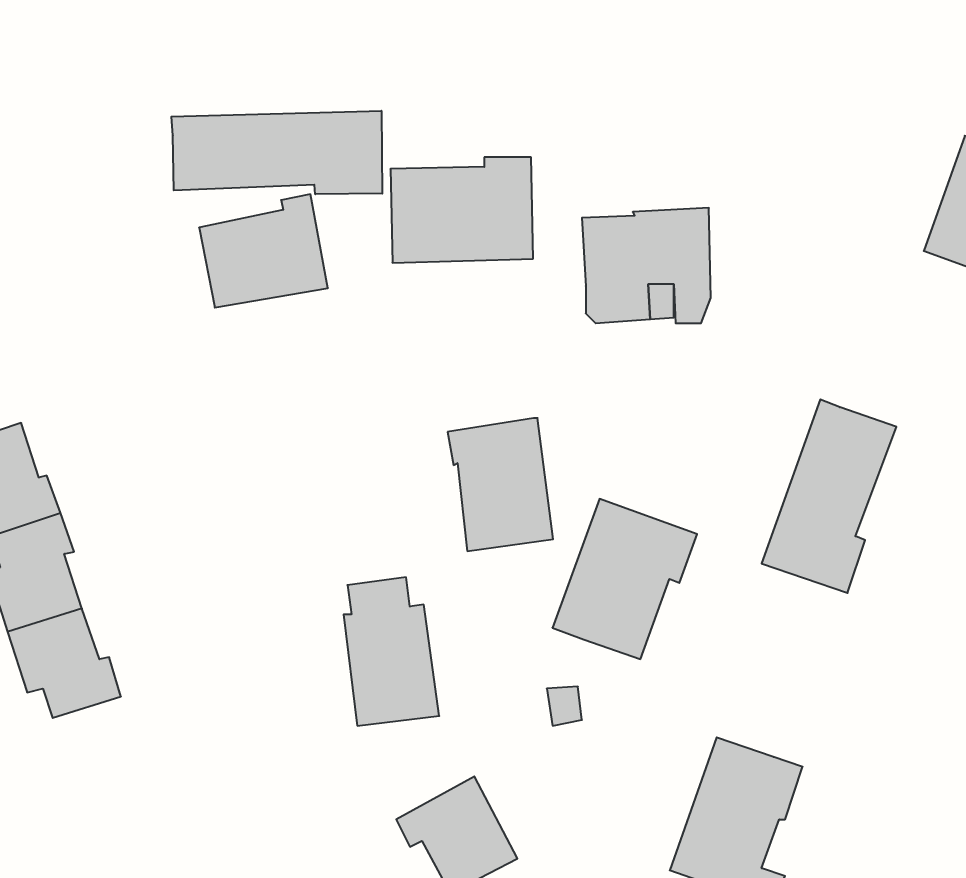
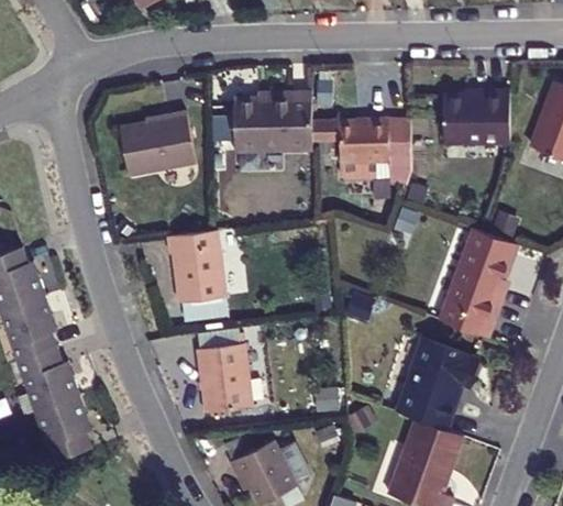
building: [171,111,382,194] -> none
building: none -> [442,89,509,143]
building: [448,418,553,551] -> [166,231,225,306]
building: [552,499,697,659] -> [397,339,478,429]
building: none -> [38,395,92,461]

